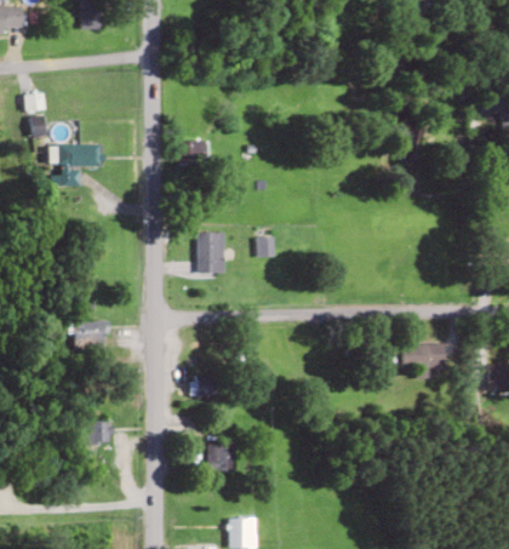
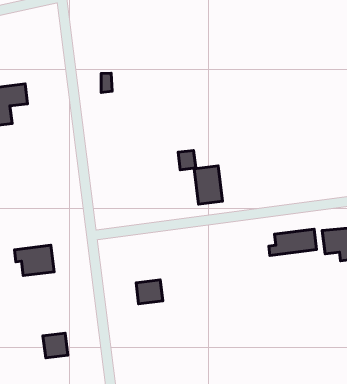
building: [199,233,225,271] -> [194,166,223,204]
building: none -> [269,229,317,255]
building: [206,442,228,470] -> none

